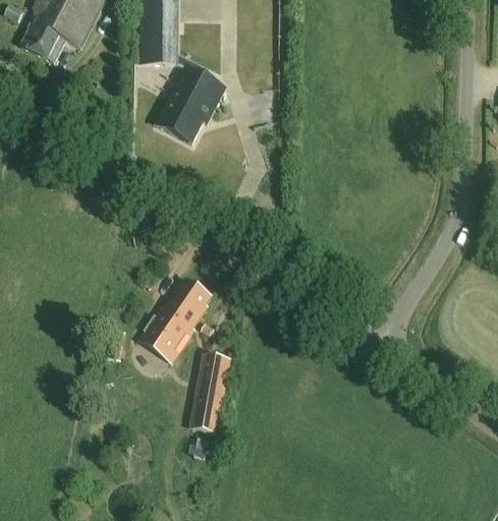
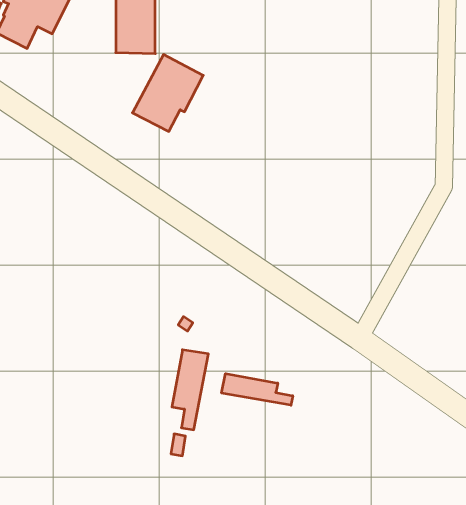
building: [143,278,211,355] -> none
building: none -> [222,374,293,405]

